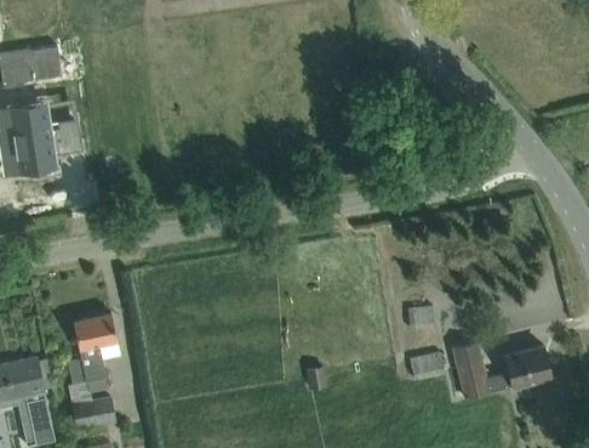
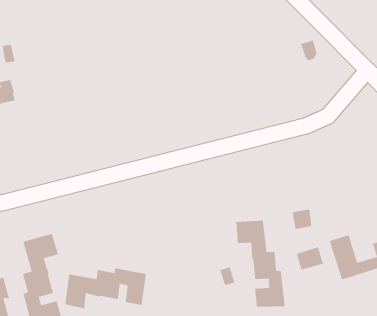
building: none -> [236,220,285,307]
building: none -> [65,268,147,309]

